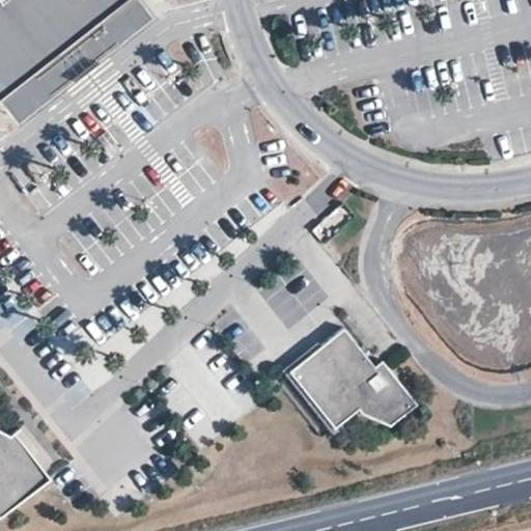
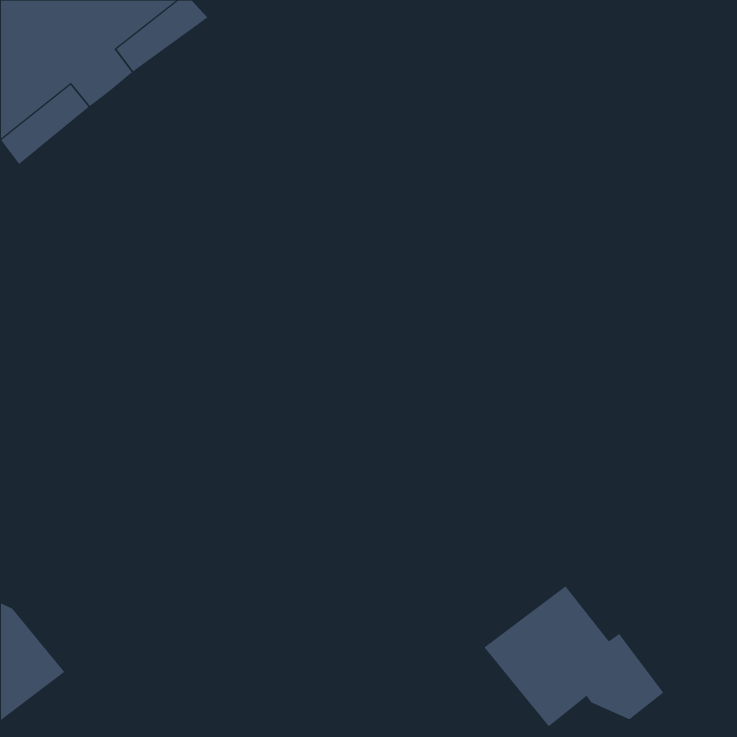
building: [285,329,415,430] -> [484,585,664,727]

